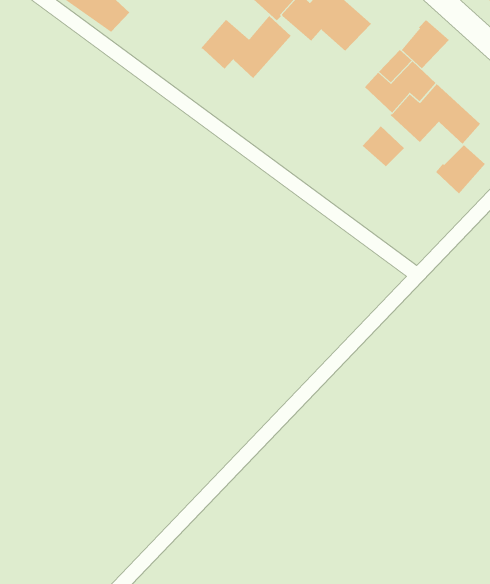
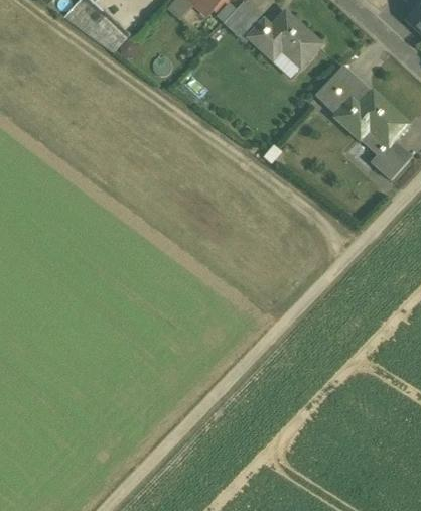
building: [200,15,291,79] -> none
building: [401,19,450,69] -> none
building: [362,125,405,167] -> [359,122,393,155]

